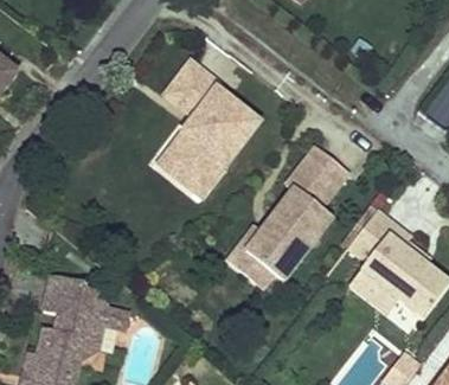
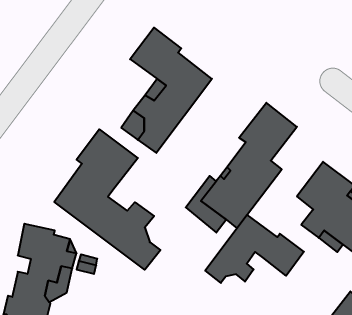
building: none -> [54,129,160,270]
building: none -> [205,215,304,283]

